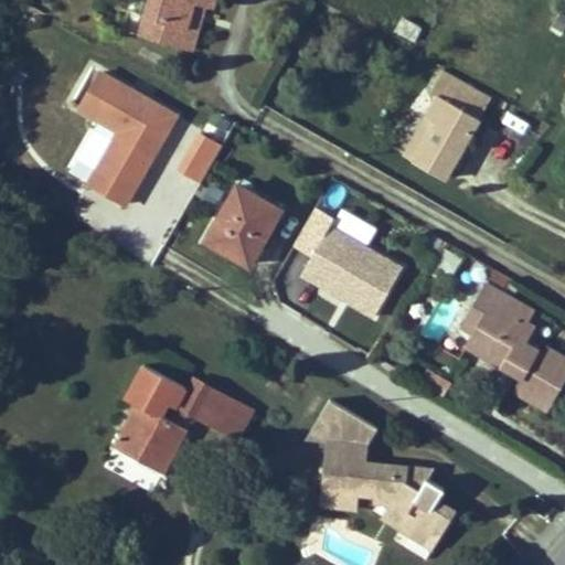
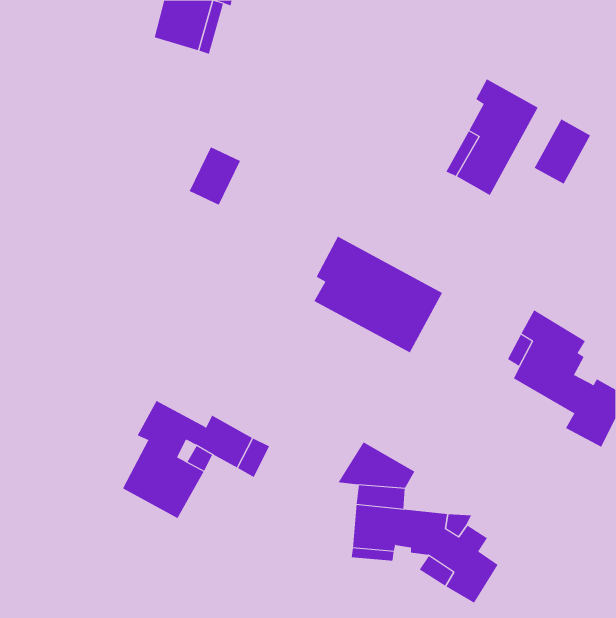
building: [63,74,173,210] -> none
building: none -> [534,119,591,185]
building: [206,183,280,262] -> none

